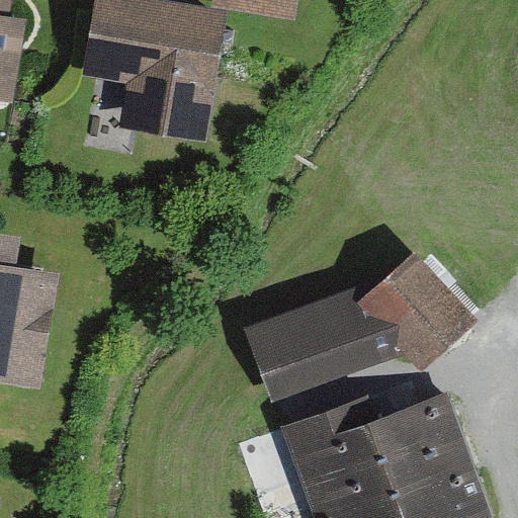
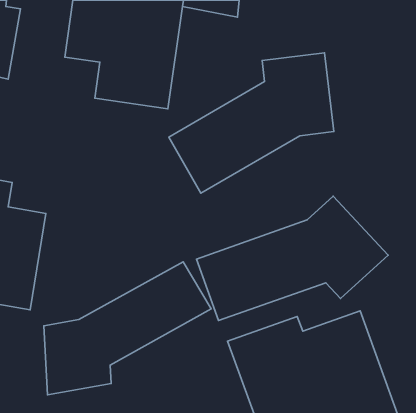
building: none -> [169,53,334,193]
building: none -> [44,262,211,395]

